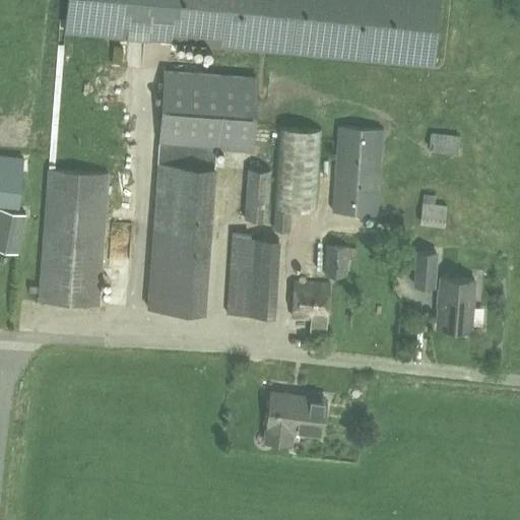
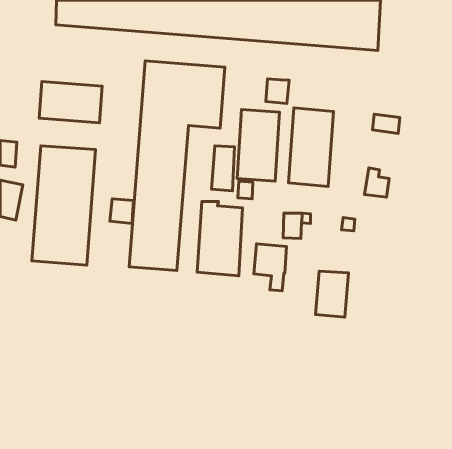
building: none -> [266,79,289,104]
building: none -> [39,82,102,123]
building: none -> [110,199,133,224]
building: [414,253,436,289] -> none
building: [437,278,474,331] -> [316,271,348,317]
building: [265,394,325,446] -> none

